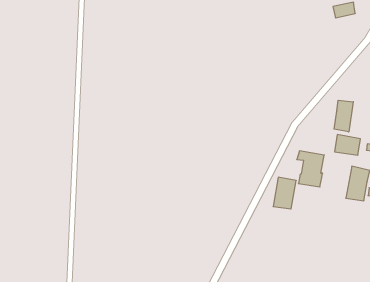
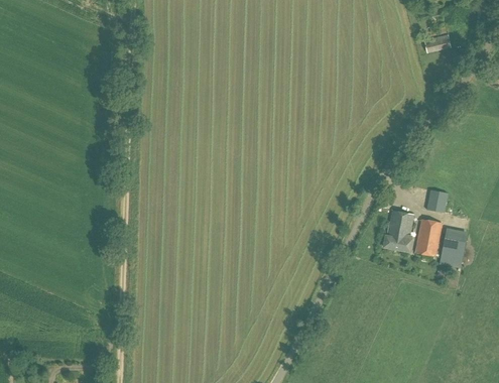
building: [334,100,353,132] -> none
building: [273,177,296,209] -> [414,219,442,256]

